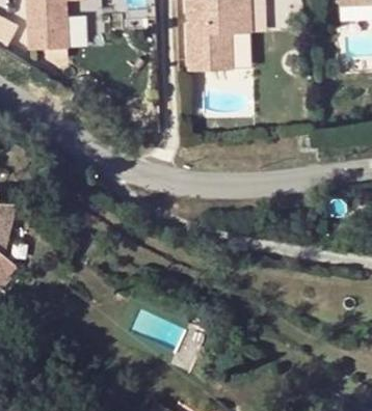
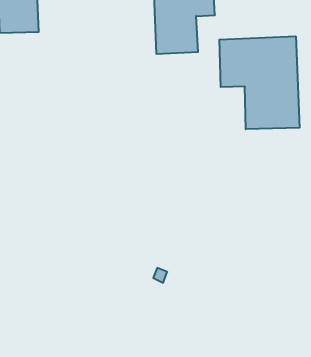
building: none -> [219,36,299,129]

